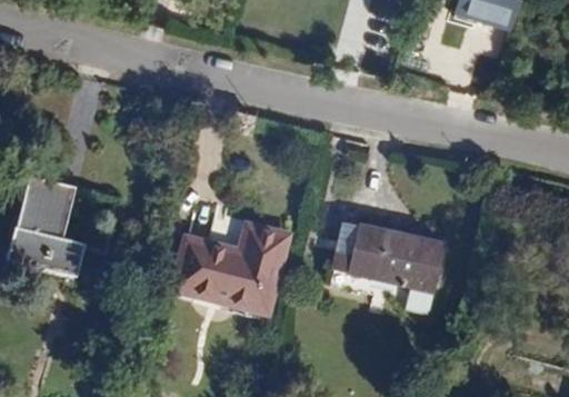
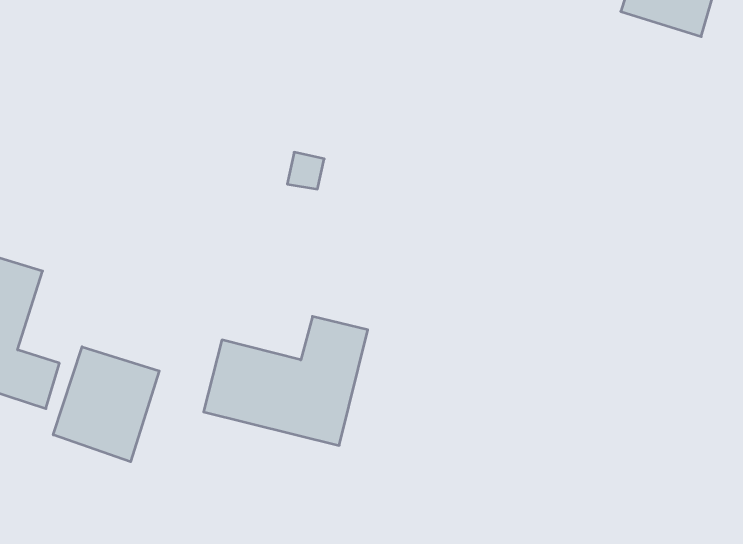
building: [338,219,447,288] -> none
building: none -> [53,347,159,462]

